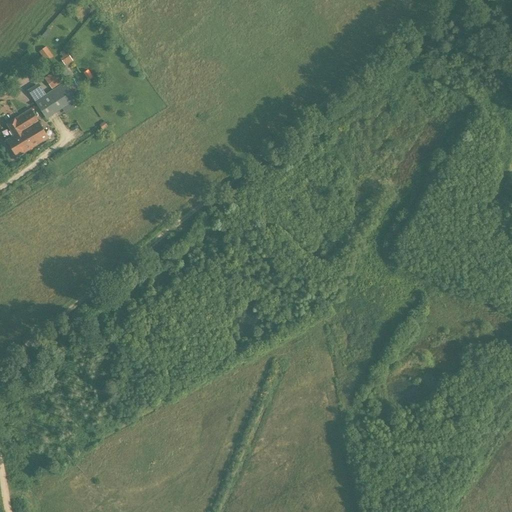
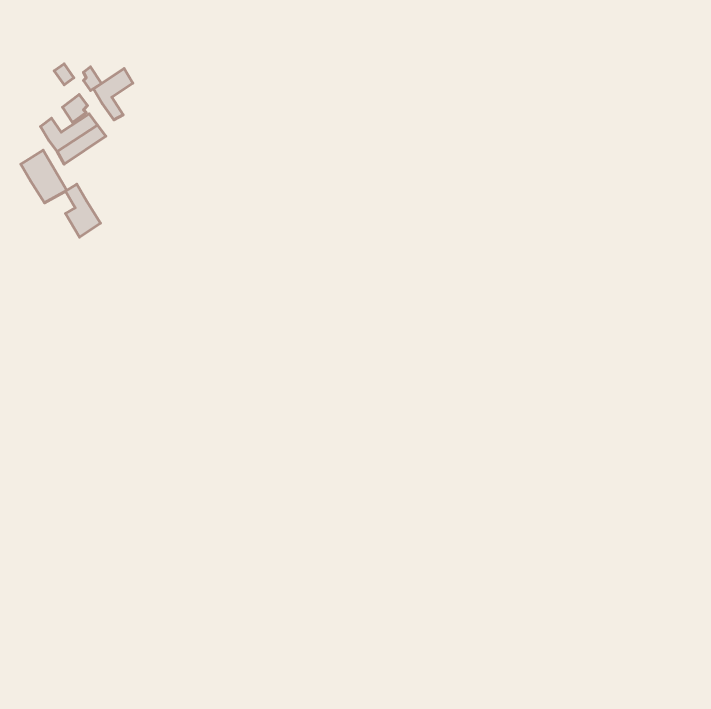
building: none -> [94,69,133,120]
building: [7,118,32,156] -> [66,184,100,237]

